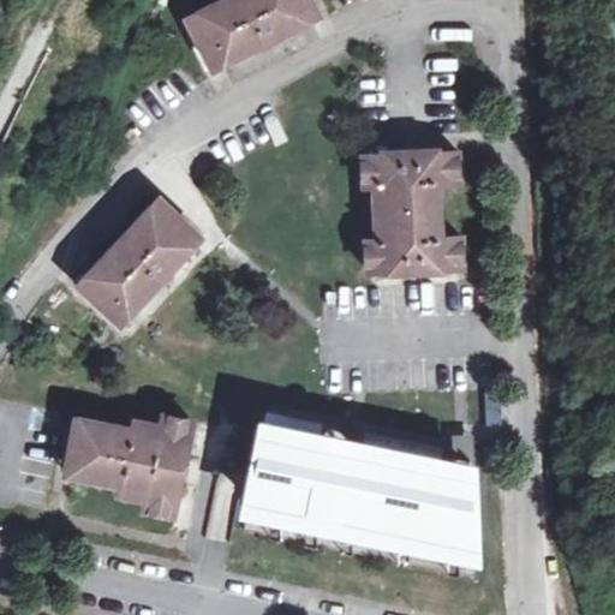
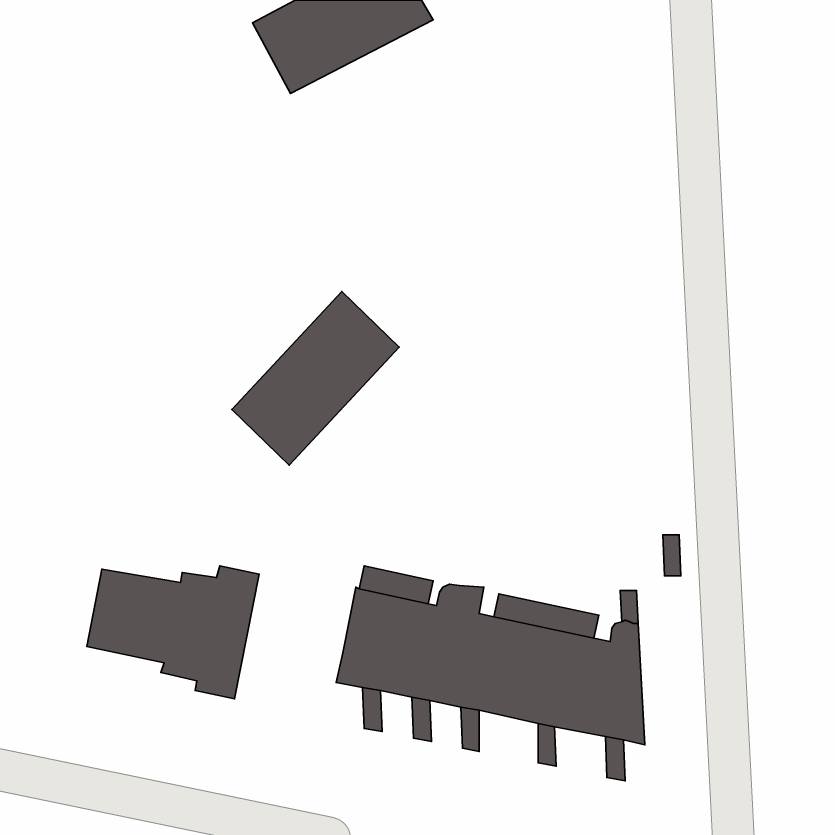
building: [363,153,460,270] -> none
building: [77,198,199,326] -> [232,291,399,465]

